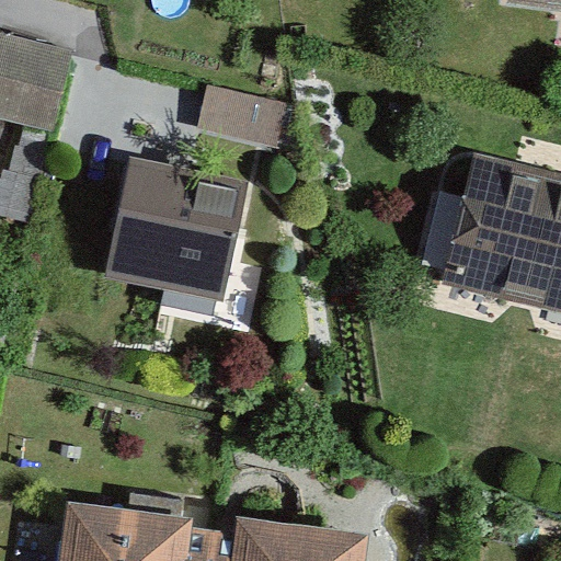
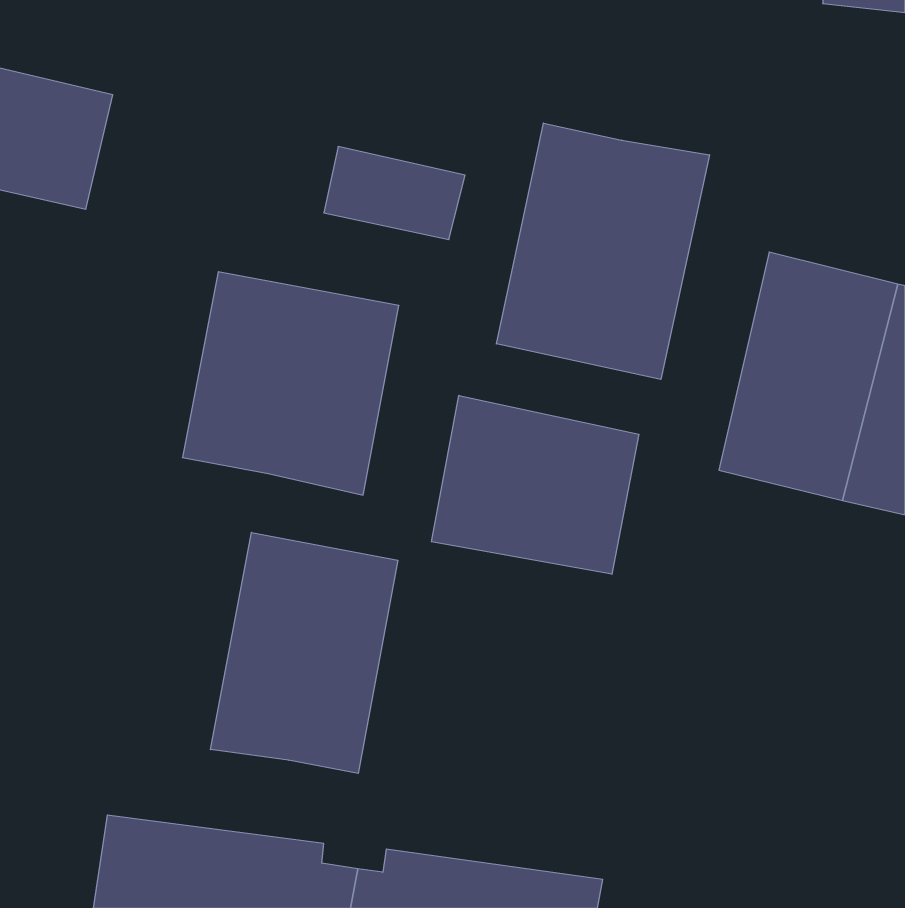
building: none -> [496,123,709,379]
building: none -> [431,395,639,574]
building: none -> [210,532,398,773]

